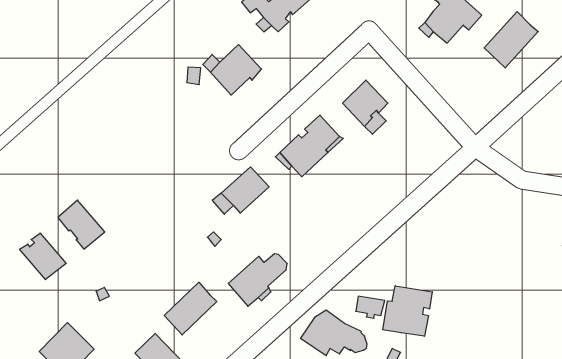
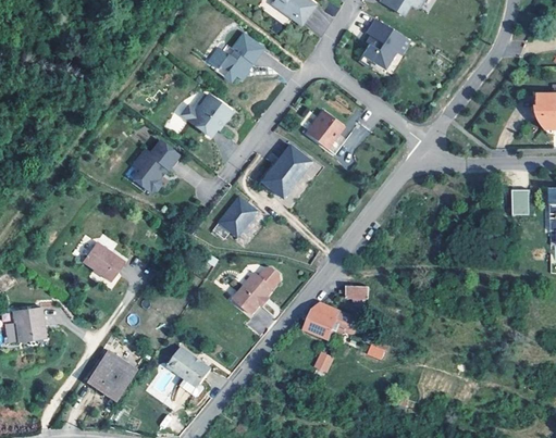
building: [484,12,538,68] -> none
building: none -> [123,145,173,195]
building: [20,233,66,280] -> none
building: [164,282,217,335] -> none
building: [383,286,432,336] -> none

